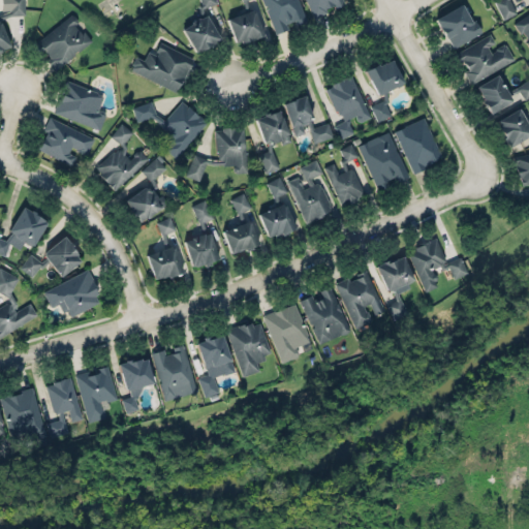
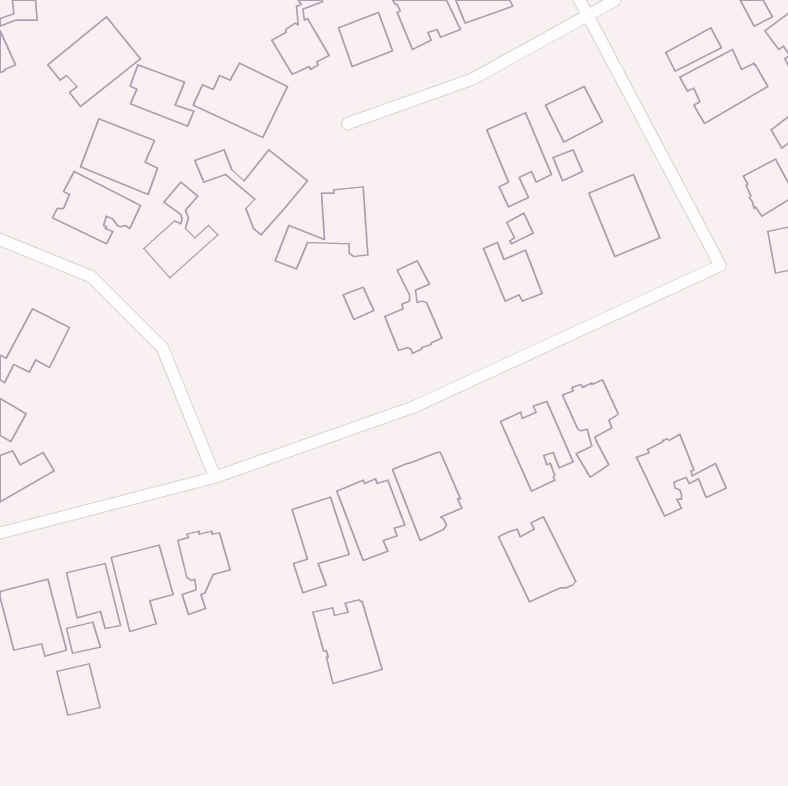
building: [437,6,473,37] -> none
building: none -> [130,65,194,126]
building: [476,76,511,115] -> none
building: [283,95,334,144] -> none
building: [255,110,291,175] -> none
building: [359,132,409,190] -> none
building: [125,155,168,222] -> none
building: [287,161,331,224] -> none
building: [184,200,219,267] -> none
building: [146,217,183,279] -> none
building: [223,223,258,254] -> none
building: [21,236,82,278] -> none
building: [408,238,468,292] -> [637,434,726,516]
building: [45,271,100,317] -> none
building: [300,287,351,344] -> [499,517,576,602]
building: [151,345,197,401] -> [313,600,382,683]
building: none -> [57,664,100,715]

